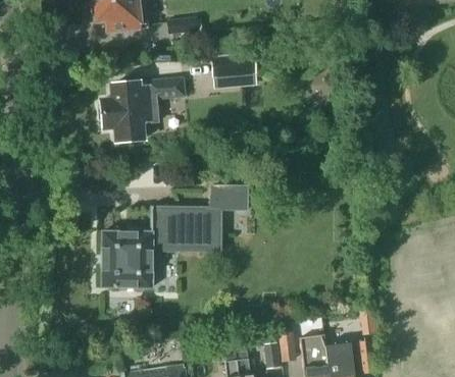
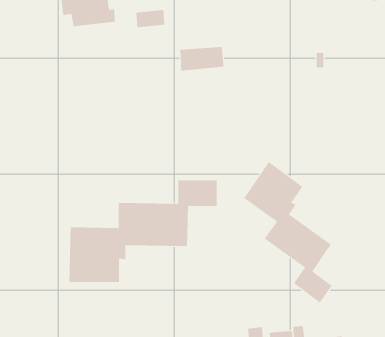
building: [102,76,187,142] -> none
building: none -> [243,161,333,303]

